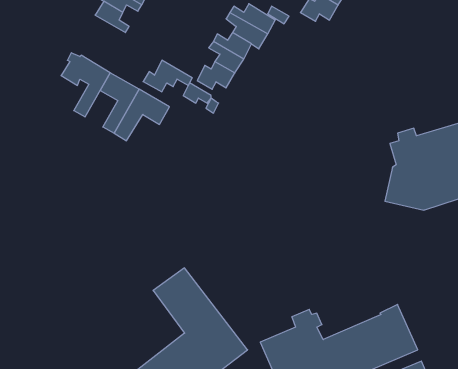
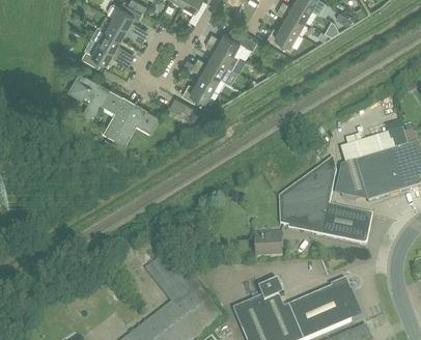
building: [143,60,192,92] -> [82,39,122,65]
building: none -> [279,155,372,243]
building: none -> [255,230,282,254]

